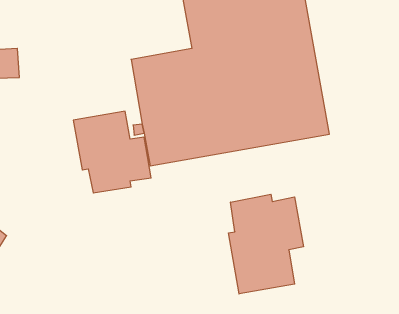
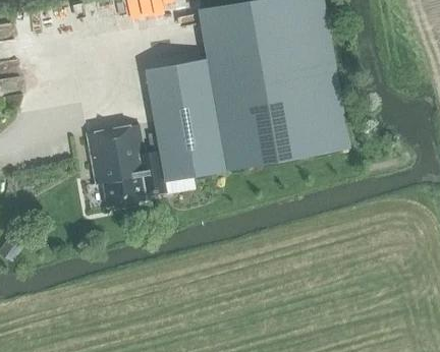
building: [229,194,303,294] -> none

